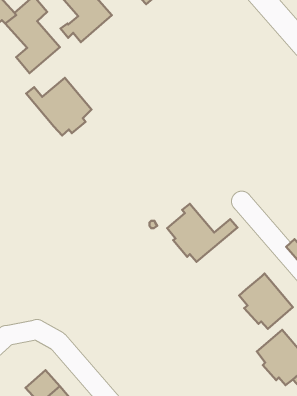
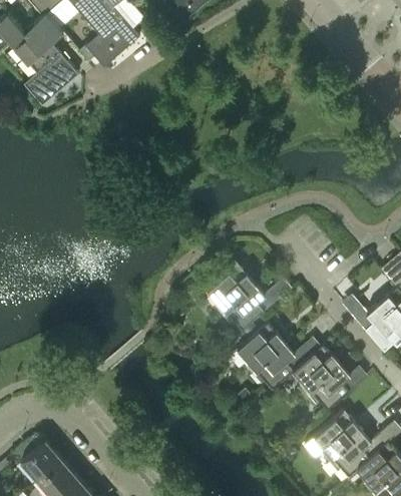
building: [26,78,92,135] -> none
building: none -> [237,322,320,388]
building: none -> [20,439,61,479]

